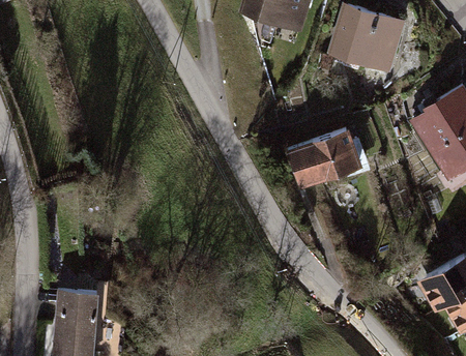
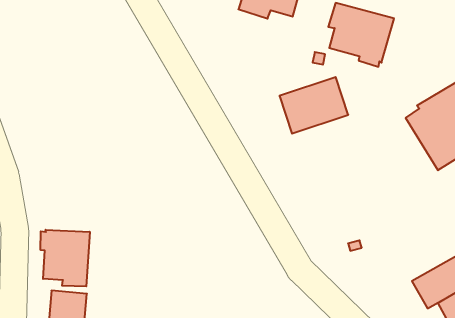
building: [292,130,360,186] -> [279,77,348,134]
building: none -> [41,230,90,286]

